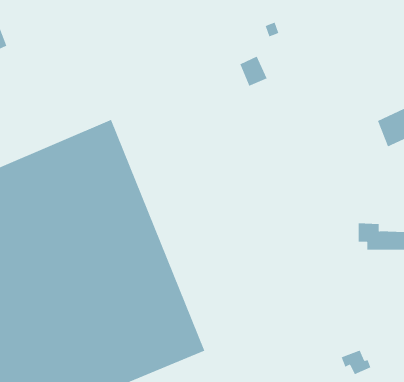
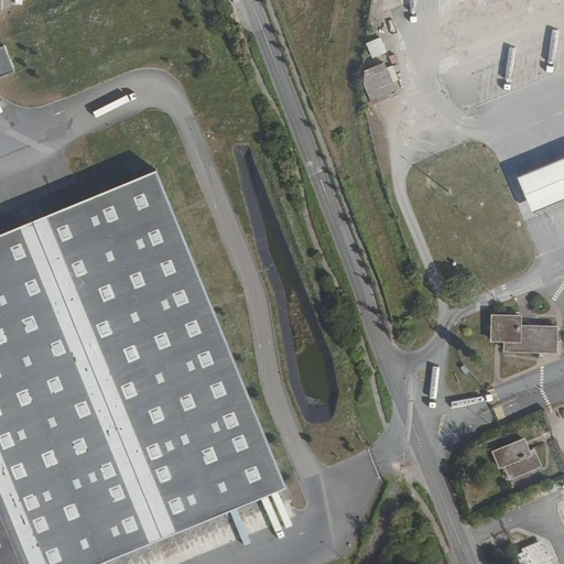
building: [239,56,267,87] -> [359,64,398,106]
building: [341,350,371,375] -> [491,438,533,473]

